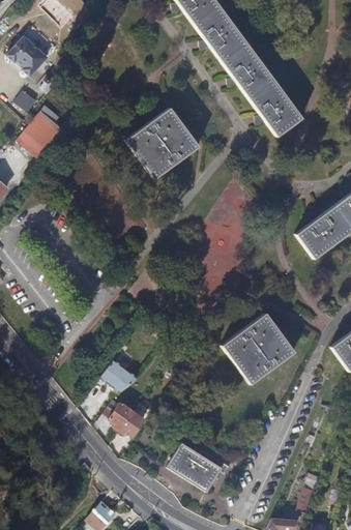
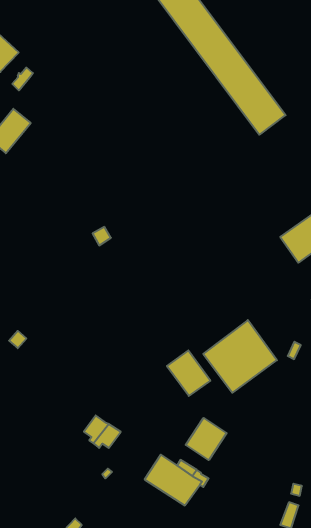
building: [126,108,198,179] -> none
building: none -> [167,350,210,396]
building: [101,360,138,396] -> none
building: none -> [186,418,227,460]

